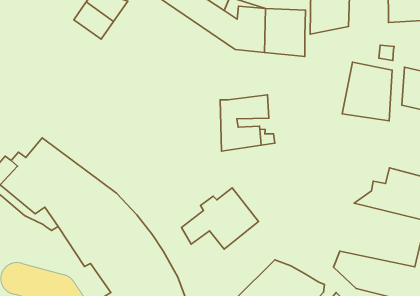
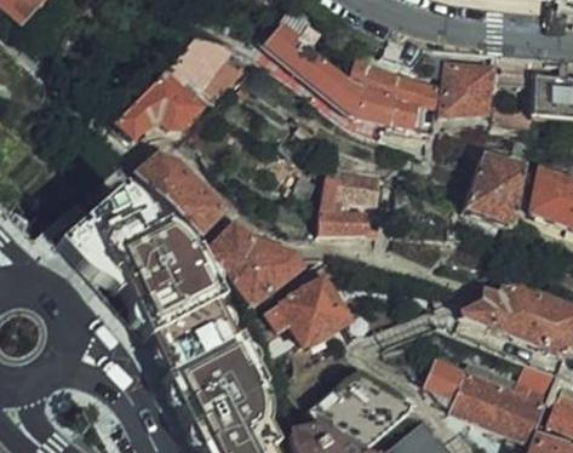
building: none -> [118,68,202,136]
building: none -> [138,154,223,233]
building: none -> [213,220,300,302]

